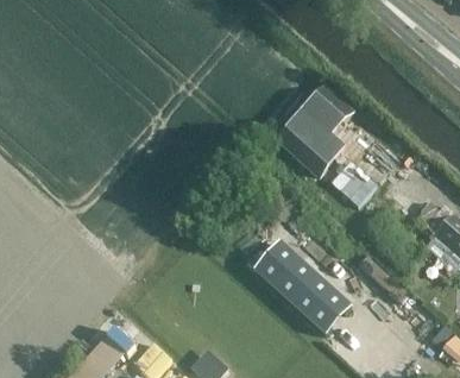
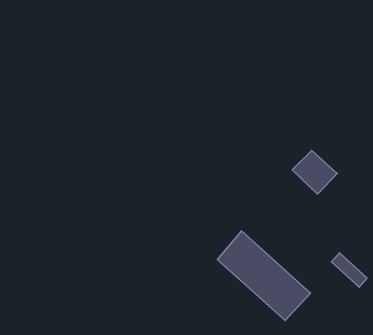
building: [282,88,349,170] -> none

